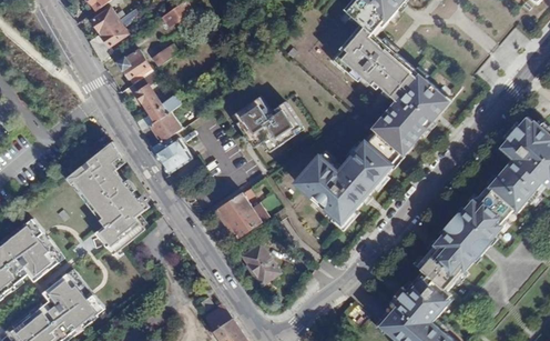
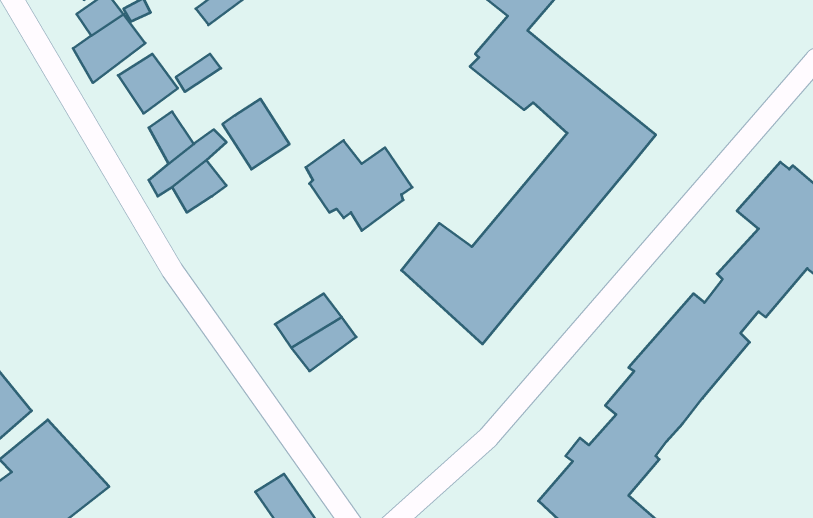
building: [152,133,193,177] -> [223,99,289,169]
building: [68,148,152,263] -> none
building: [243,247,279,288] -> none

